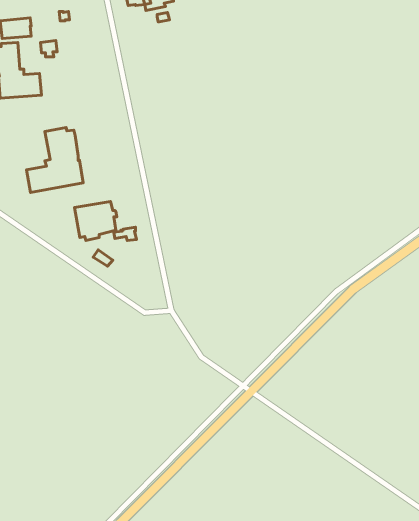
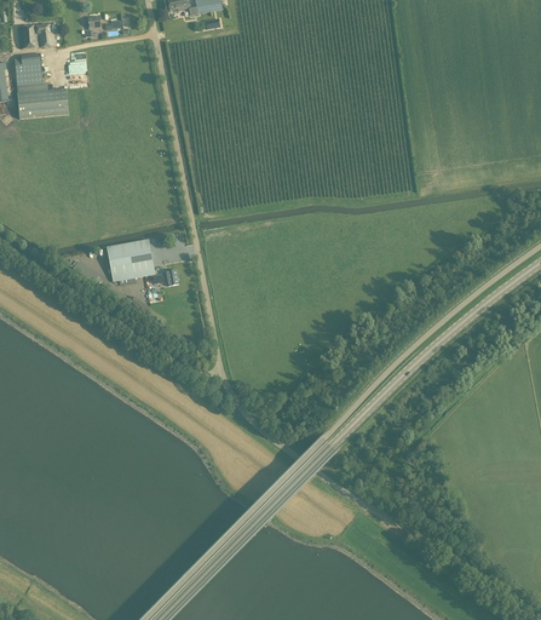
building: [27,128,83,192] -> none

